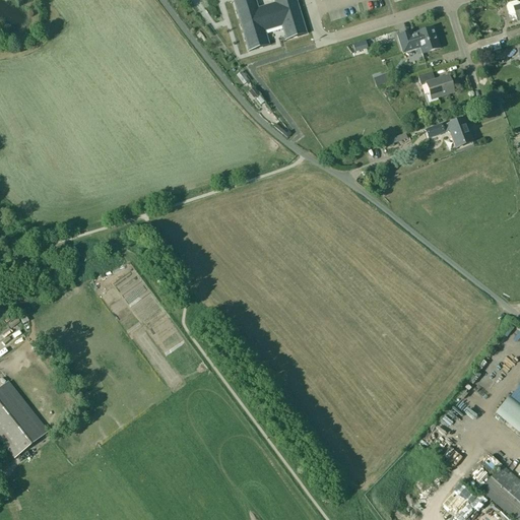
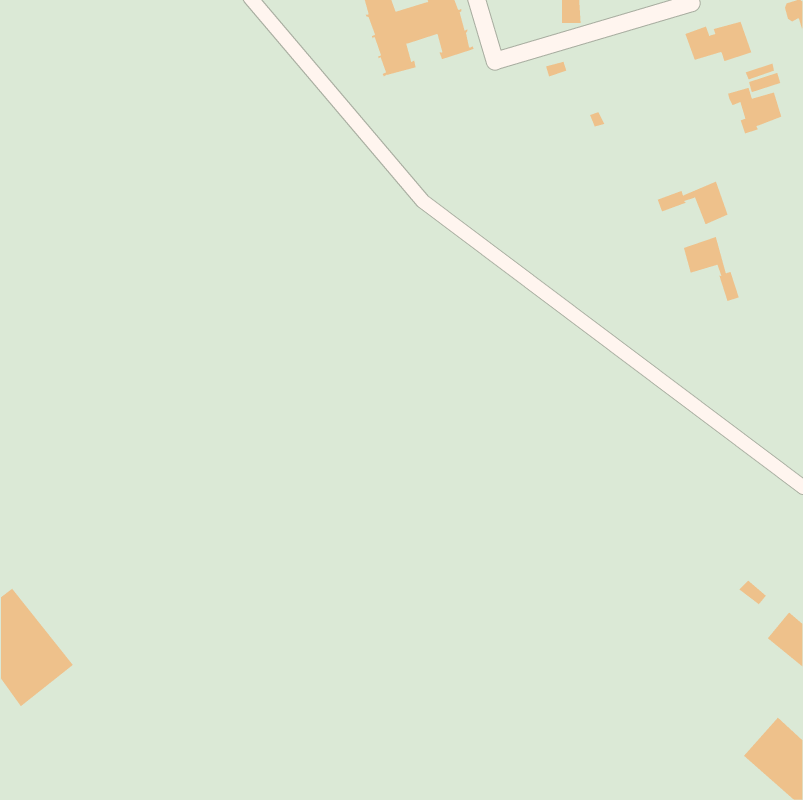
building: [396,26,440,53] -> [685,21,752,62]
building: [417,71,453,102] -> [727,87,782,134]
building: none -> [681,236,739,302]

